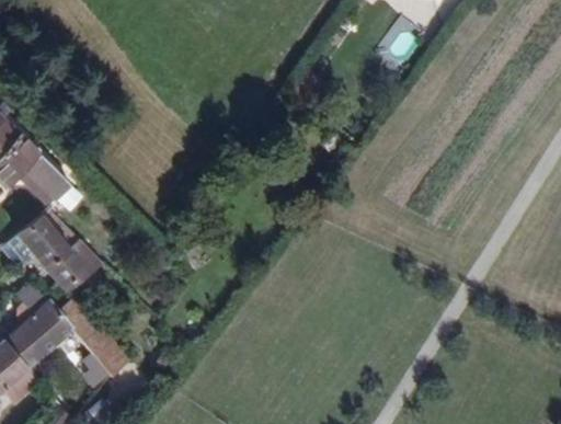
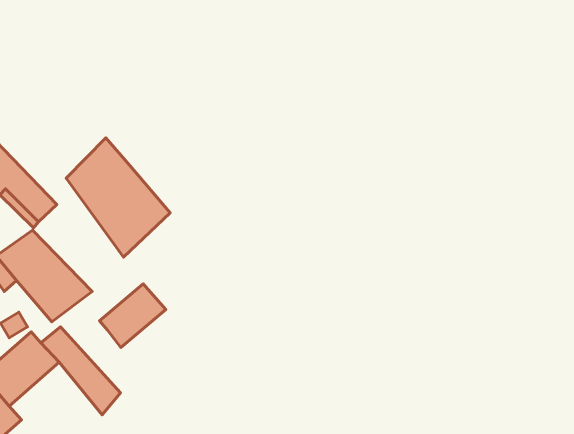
building: none -> [66,138,170,257]
building: none -> [100,284,166,347]

